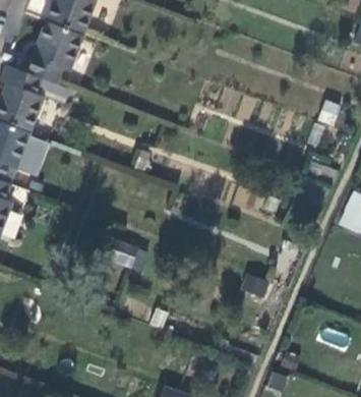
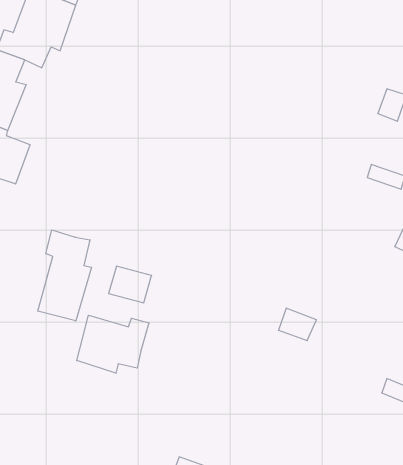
building: none -> [38,230,92,321]
building: none -> [77,315,149,373]

